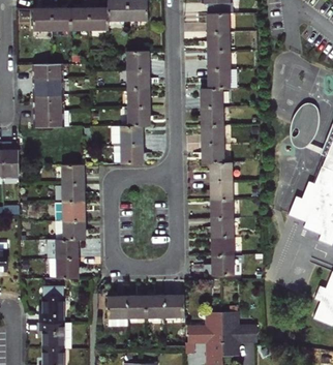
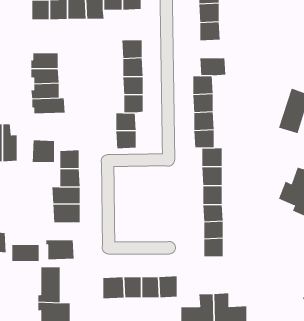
building: [208,50,230,68] -> none
building: none -> [32,139,55,163]
building: [49,239,78,256] -> [12,244,40,261]

